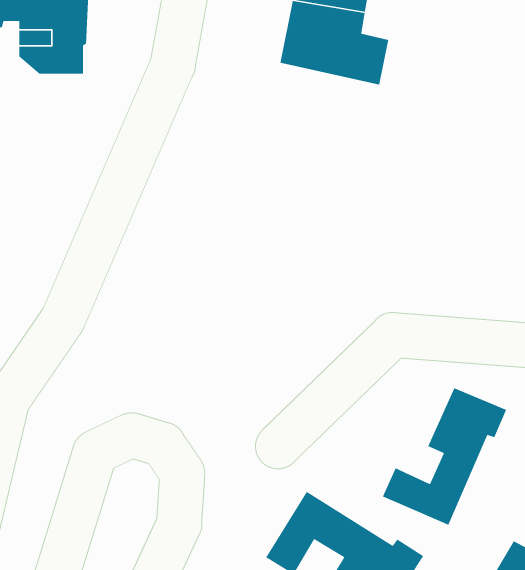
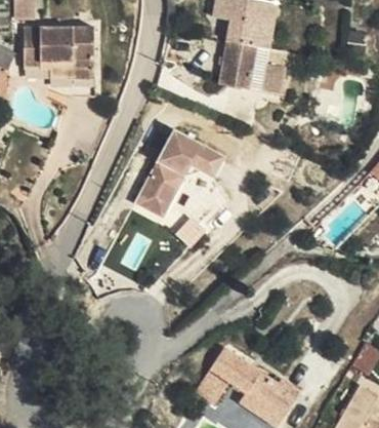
building: none -> [137,134,226,224]
building: [382,387,507,526] -> none

